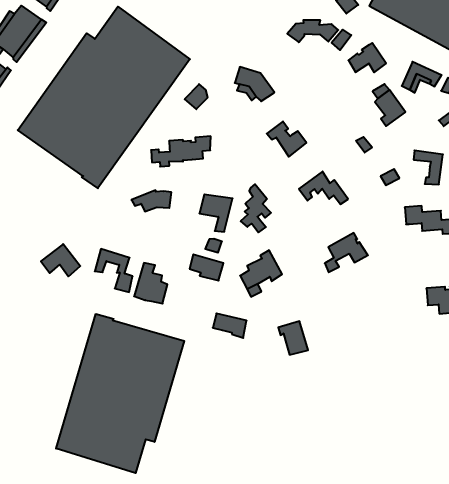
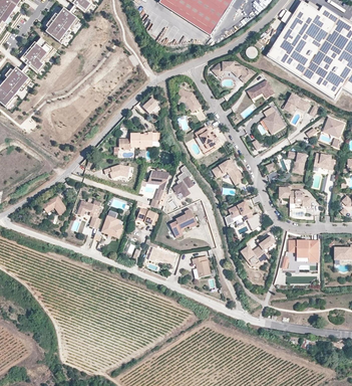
building: [18,7,190,188] -> none
building: none -> [237,235,275,263]
building: [56,314,184,473] -> none

